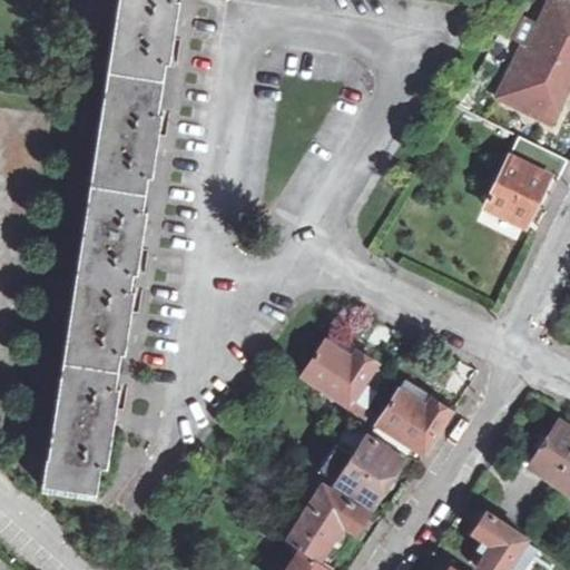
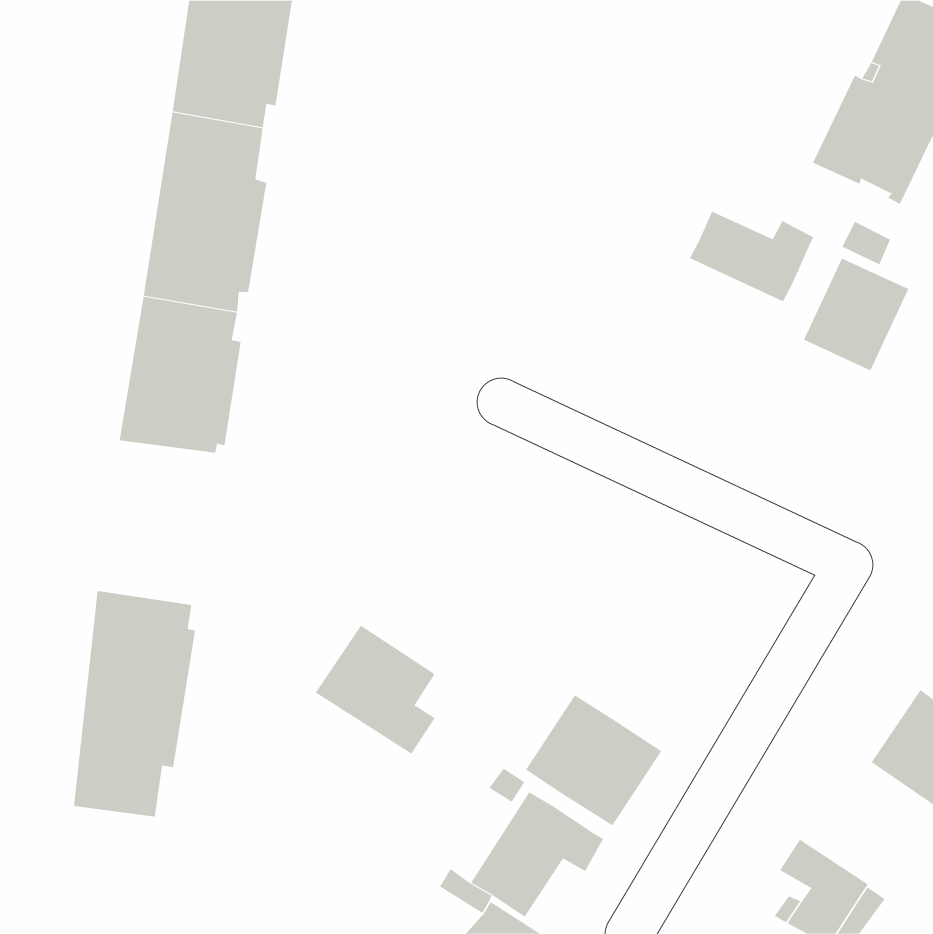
building: none -> [689,211,814,302]
building: [60,268,136,368] -> none
building: [308,330,382,409] -> [315,625,436,755]
building: [375,382,453,462] -> none

